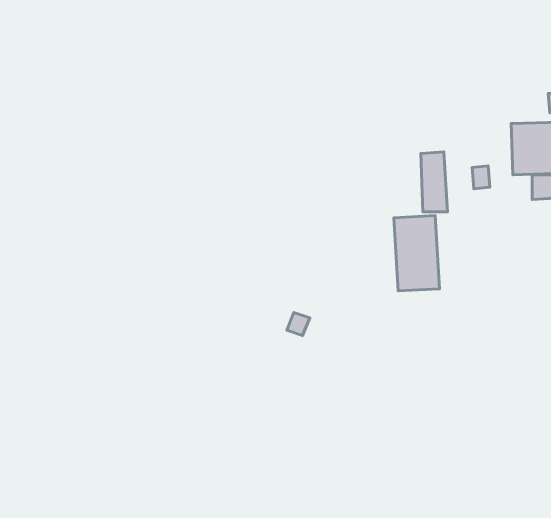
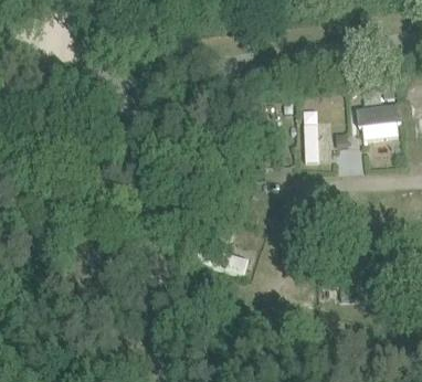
building: [394,216,440,291] -> none

